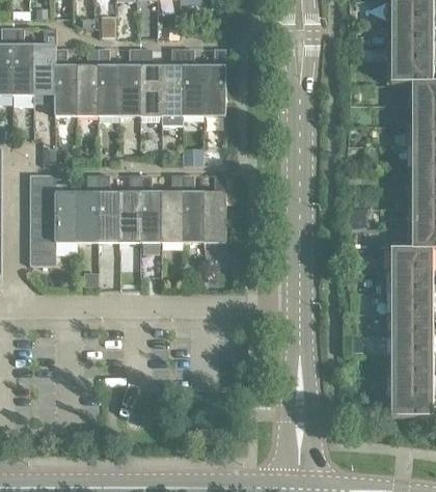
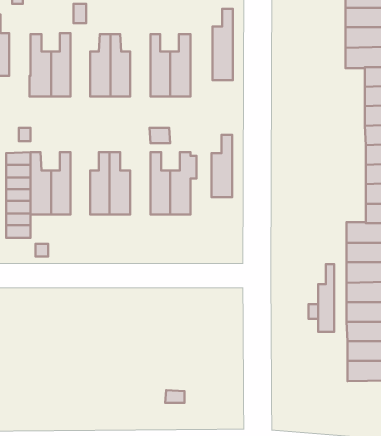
building: [32,27,56,101] -> none
building: [98,47,118,114] -> none
building: [161,48,183,124] -> [212,9,233,80]
building: [98,173,118,240] -> none
building: [161,173,183,240] -> [212,135,232,197]
building: none -> [318,264,334,332]

